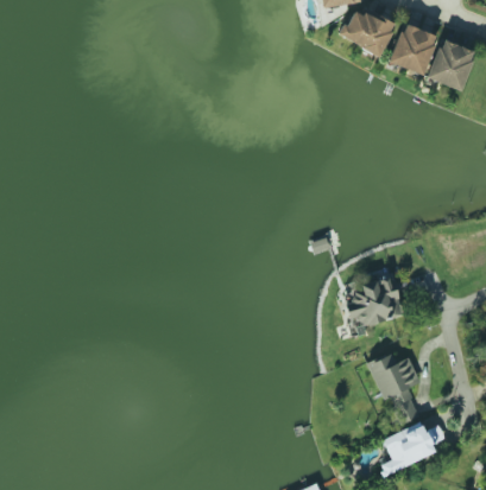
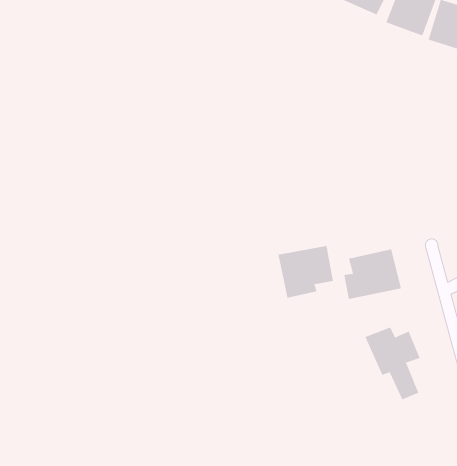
building: none -> [278,245,333,298]
building: [380,424,447,475] -> none

